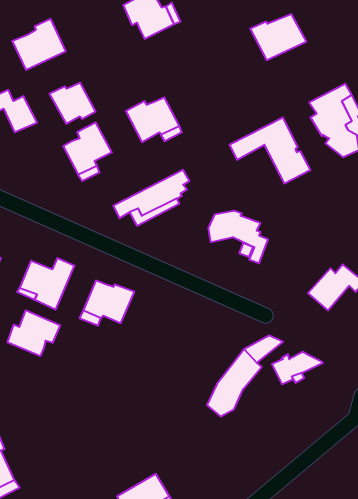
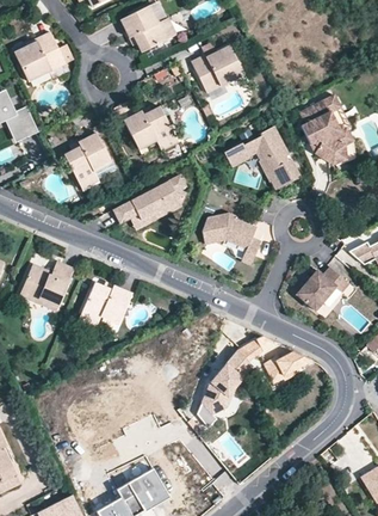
building: [250,14,306,60] -> [191,45,244,90]
building: [50,83,96,124] -> none
building: [7,310,60,356] -> none

